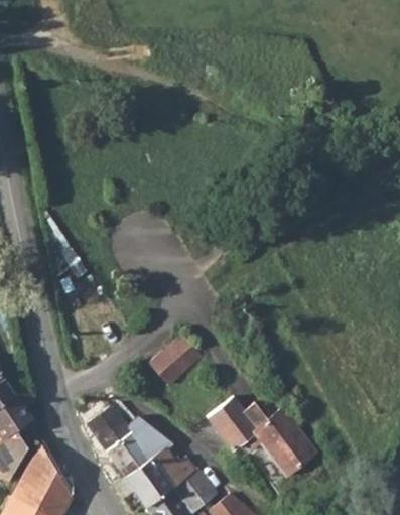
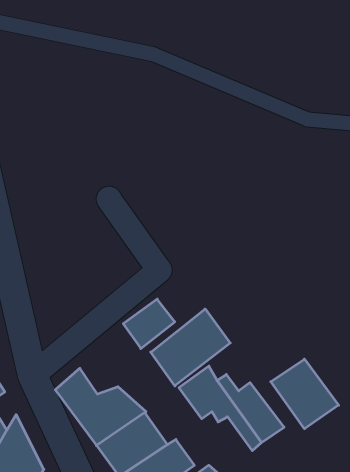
building: none -> [151,309,230,386]
building: none -> [271,359,339,429]

